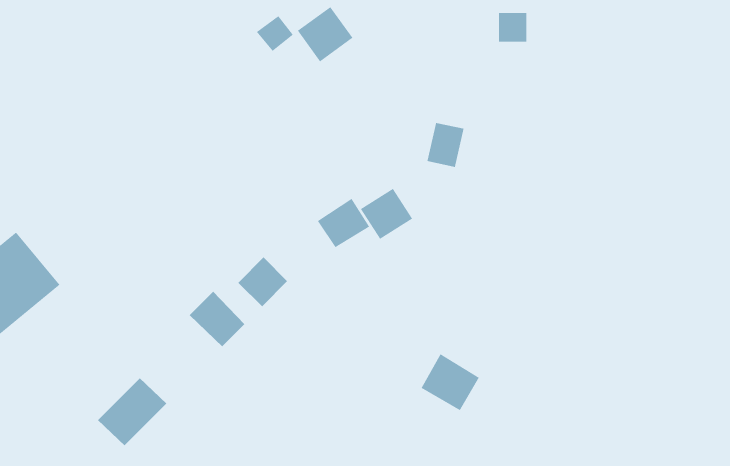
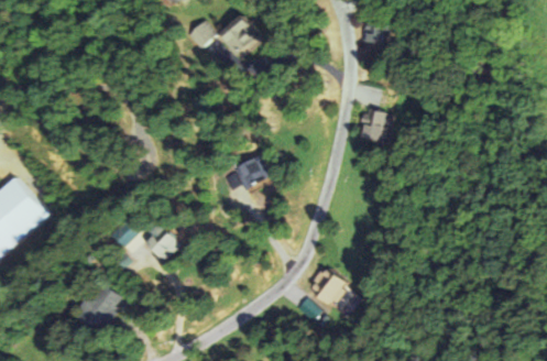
building: [426,122,465,168] -> [359,109,386,142]
building: [360,188,413,240] -> none
building: [238,257,288,307] -> none

